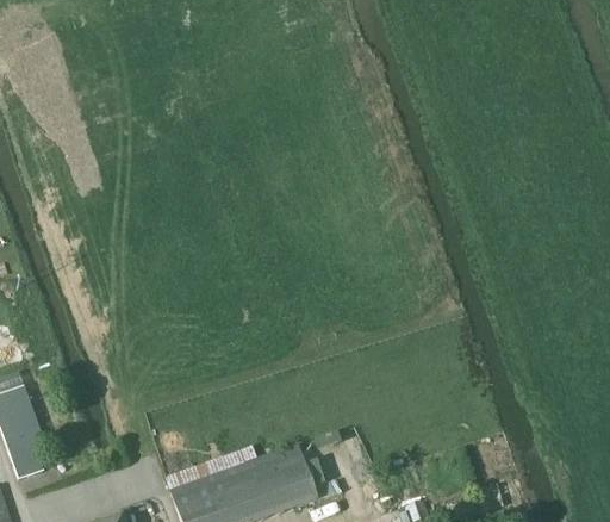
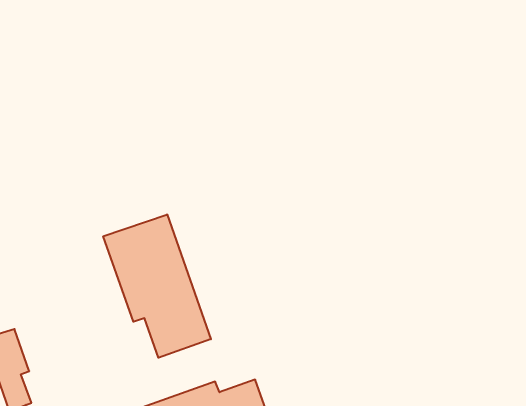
building: none -> [103,214,211,358]

